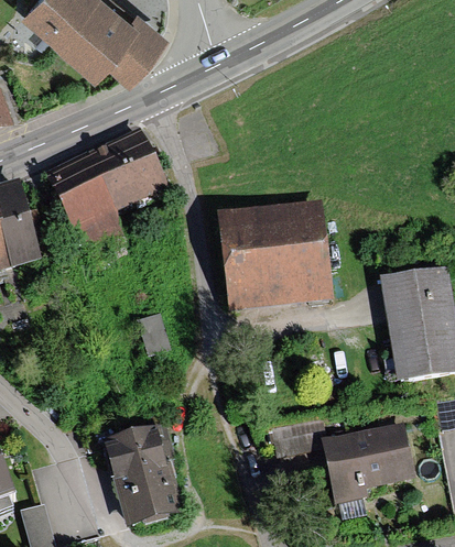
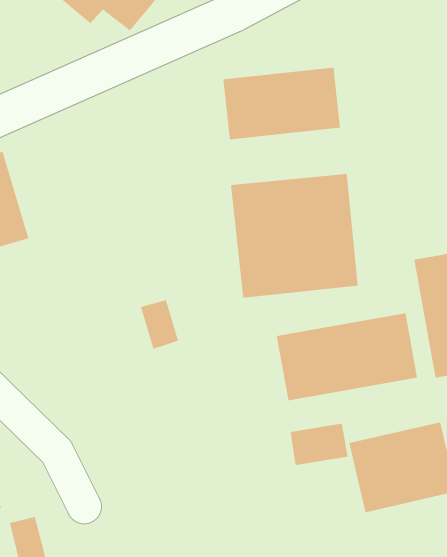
building: none -> [223,67,340,140]
building: [46,130,169,255] -> none
building: none -> [276,312,418,401]
building: [105,426,183,526] -> none

